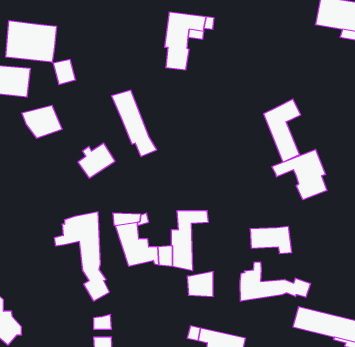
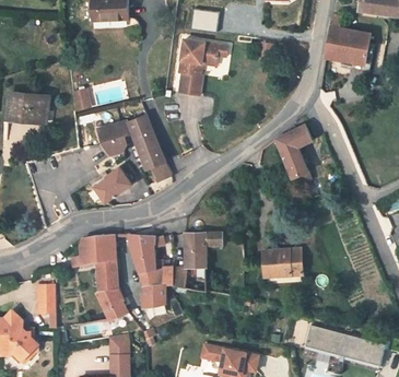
building: [6,21,56,62] -> none
building: [22,105,62,138] -> [97,121,137,153]
building: [272,149,327,200] -> none
building: [240,262,311,301] -> none
building: none -> [37,284,55,317]
building: [187,272,213,296] -> [141,283,166,307]

